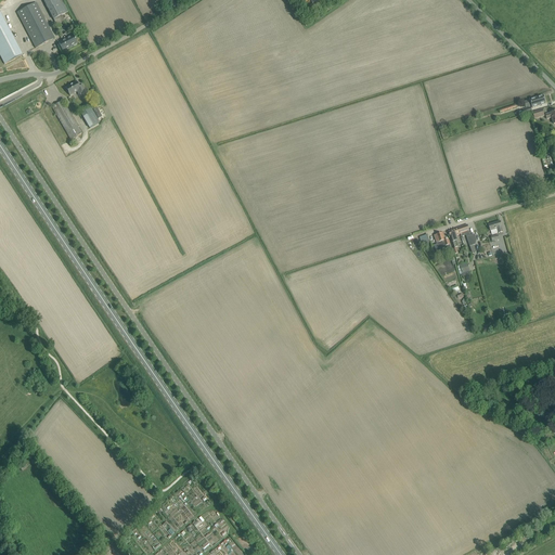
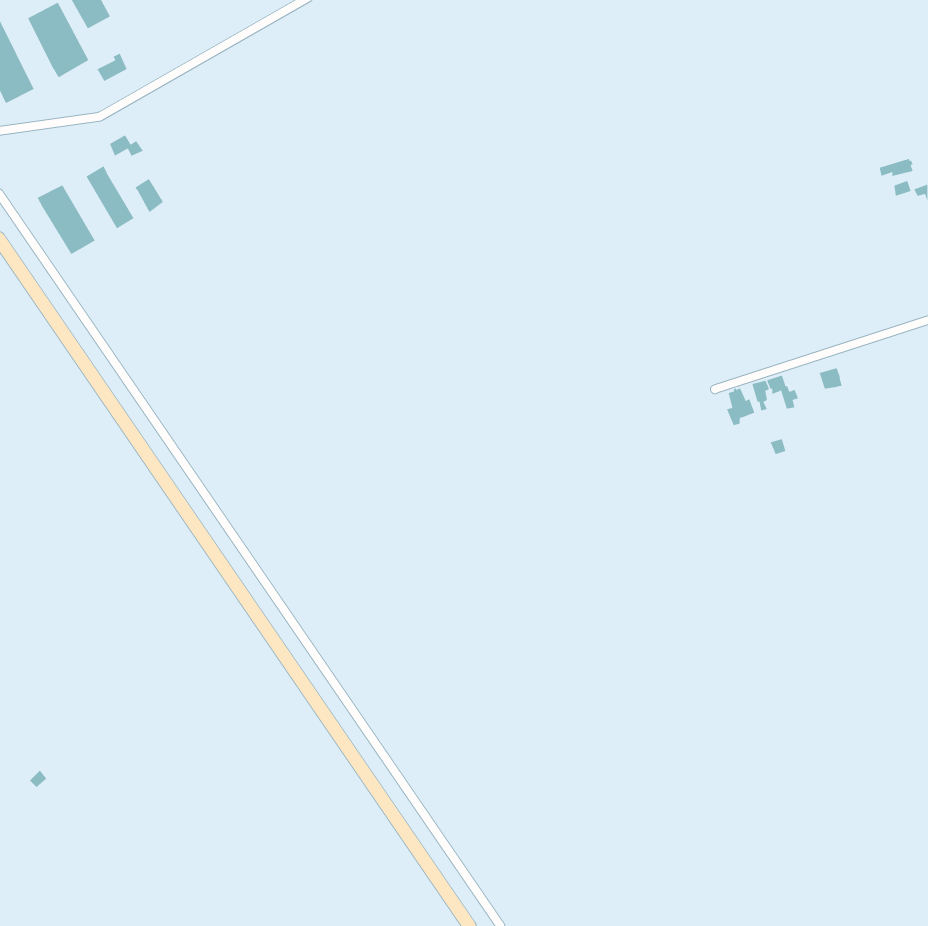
building: none -> [37,184,96,255]

